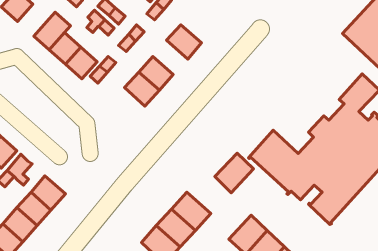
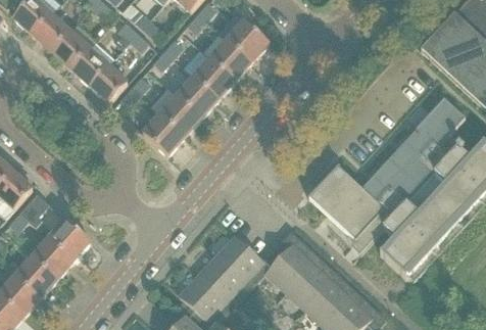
building: none -> [33,12,70,50]
building: none -> [228,18,269,58]
building: none -> [194,55,236,96]
building: none -> [143,111,185,153]
building: [215,153,253,193] -> [265,245,311,292]

